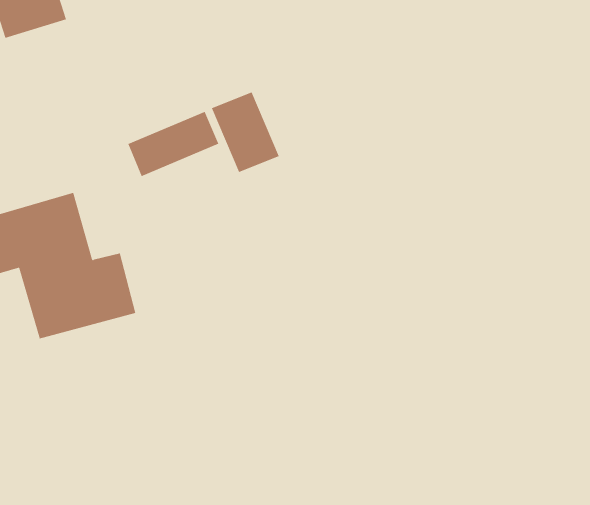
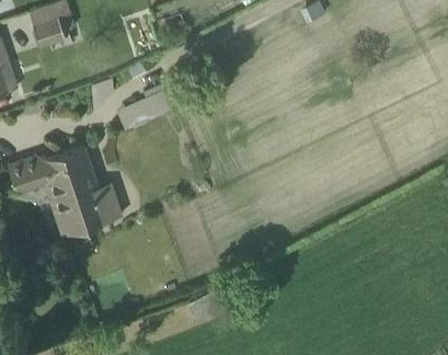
building: [211,91,279,173] -> none

